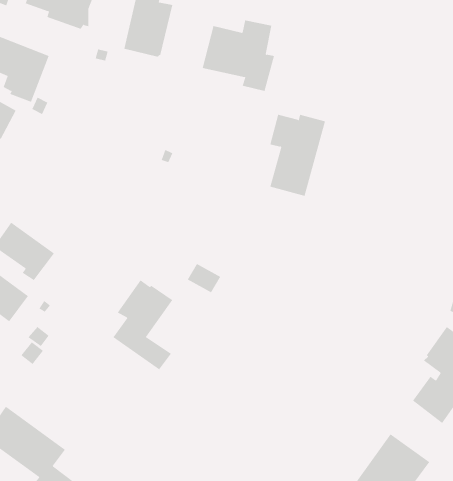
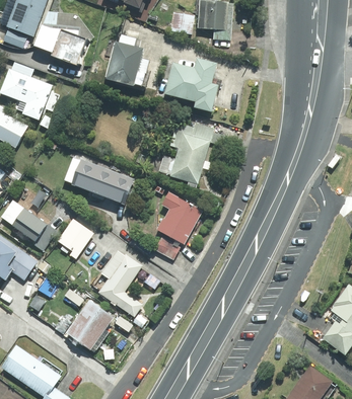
building: [269,114,326,197] -> [171,123,213,183]
building: none -> [72,158,134,204]
building: none -> [156,191,203,244]
building: none -> [58,218,94,258]
building: none -> [68,299,116,348]

